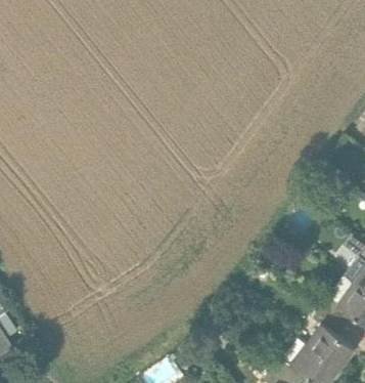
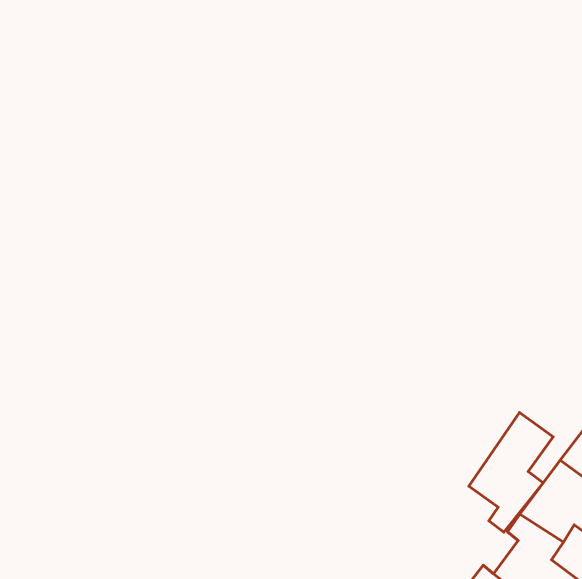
building: none -> [469,412,553,532]

